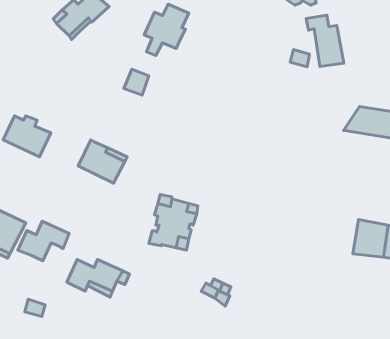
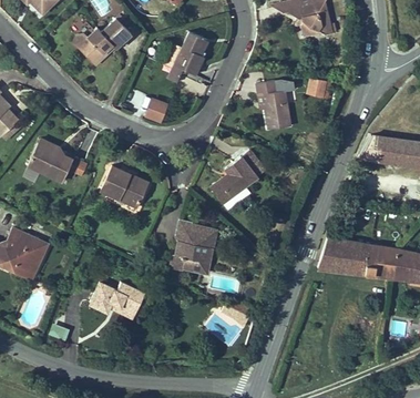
building: [306,15,344,67] -> [255,81,291,131]
building: none -> [211,152,264,211]
building: none -> [320,237,373,277]
building: [18,221,69,261] -> none

